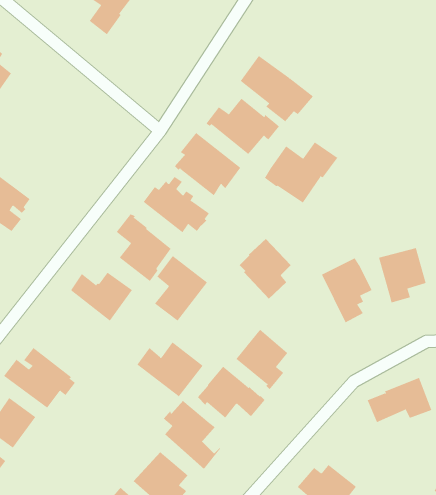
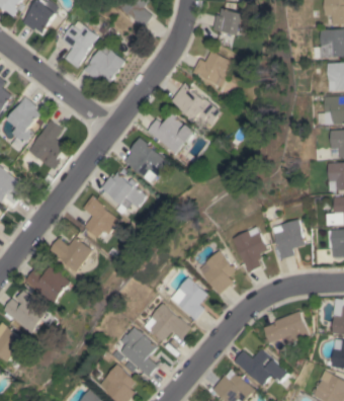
building: none -> [84,49,126,82]
building: none -> [193,50,236,86]
building: none -> [6,96,39,152]
building: none -> [26,119,64,173]
building: [264,141,338,204] -> none
building: [239,238,292,299] -> [197,250,235,294]
building: [154,255,208,322] -> none
building: [137,342,203,397] -> [27,264,75,304]
building: none -> [234,347,289,386]

